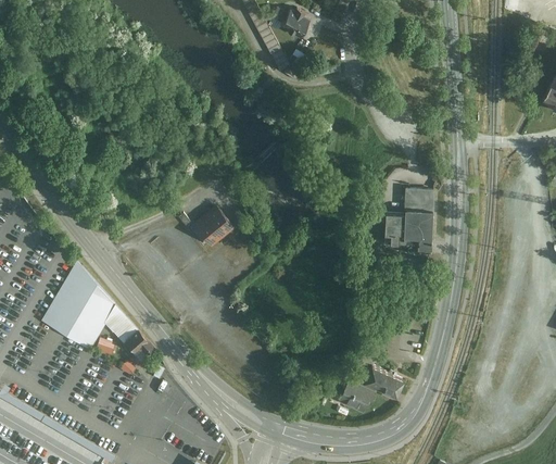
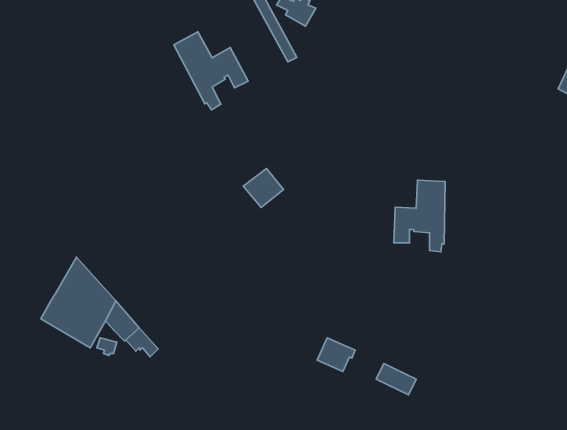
building: none -> [174,32,248,110]
building: [193,209,232,247] -> [243,168,283,207]
building: [339,380,376,413] -> [317,338,355,371]

